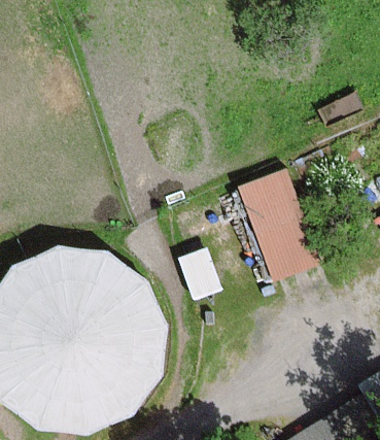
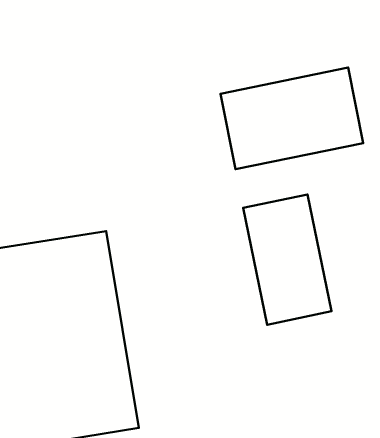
building: none -> [221,68,363,169]

